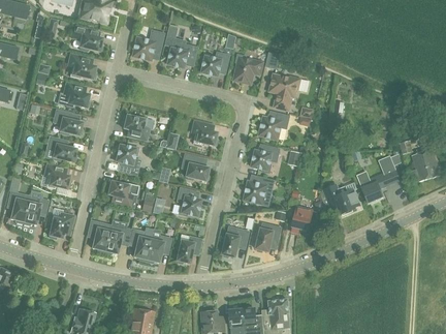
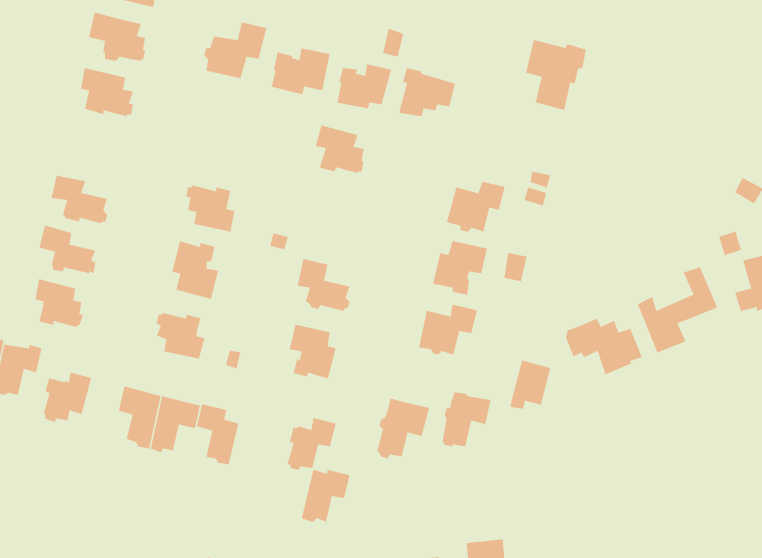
building: [268,73,300,111] -> [525,39,587,111]
building: [64,82,90,108] -> none
building: [191,120,217,146] -> [315,125,365,174]
building: [146,235,171,263] -> [301,469,351,523]

